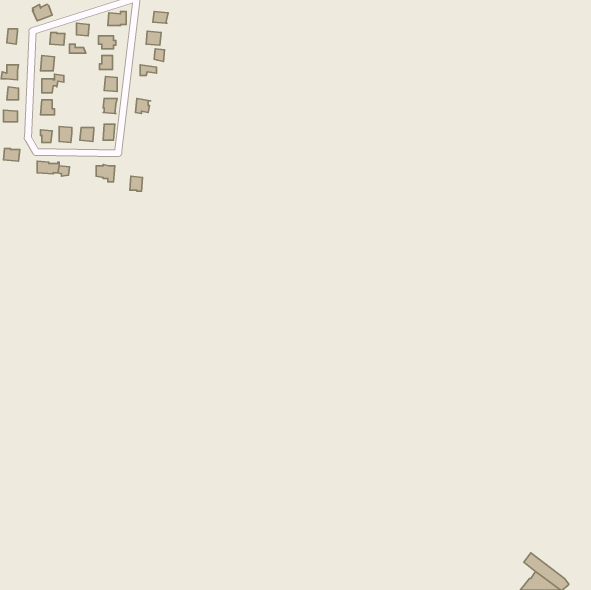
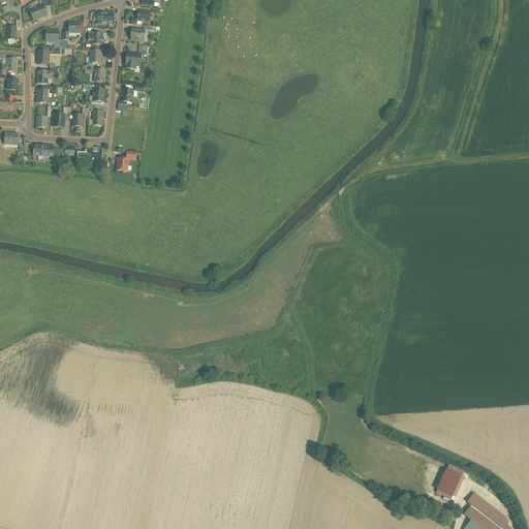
building: none -> [436,469,463,497]

